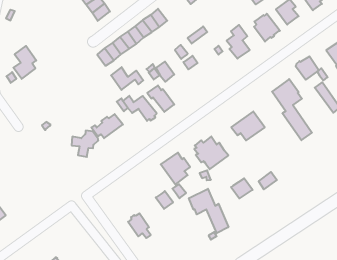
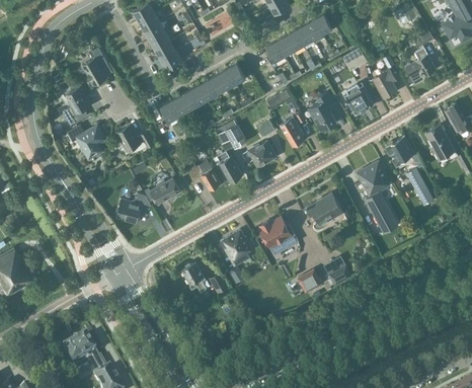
building: none -> [82,48,108,85]
building: none -> [280,117,304,146]
building: [111,67,143,90] -> [116,125,153,151]
building: none -> [248,141,274,166]
building: none -> [67,124,104,158]
building: [189,189,228,233] -> none
building: [128,213,151,238] -> [181,261,206,291]

